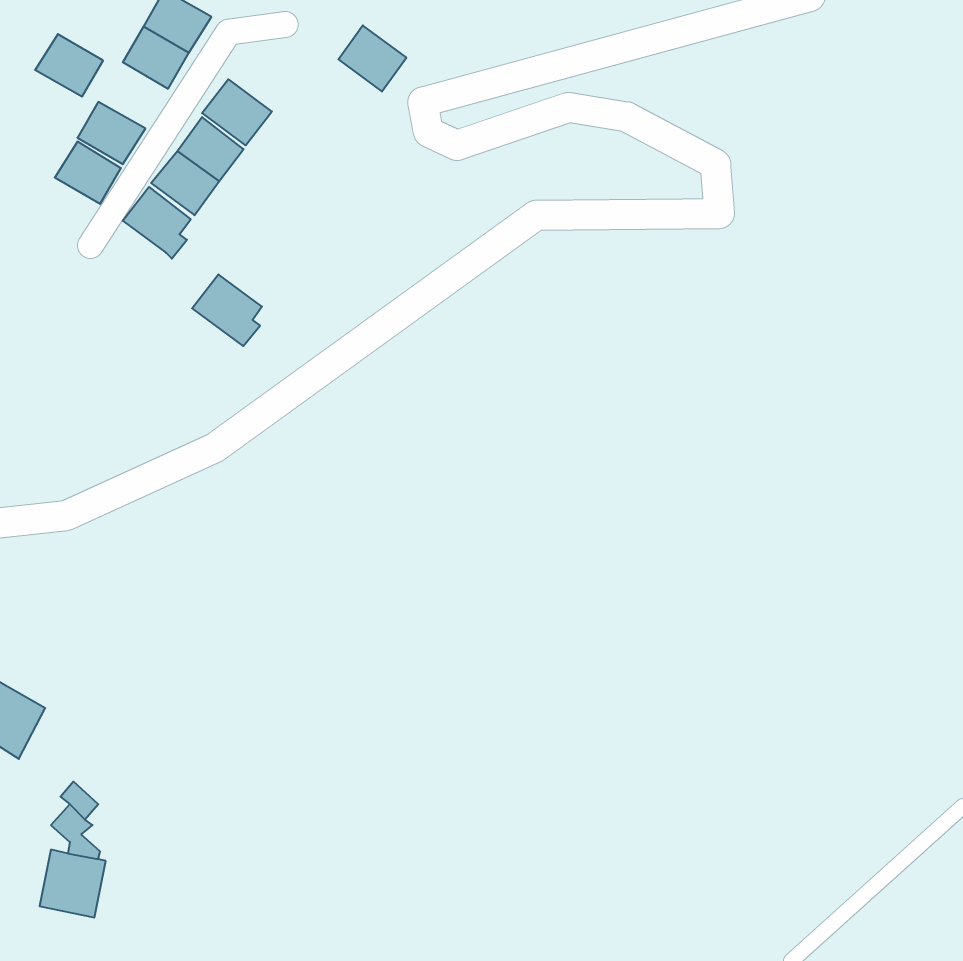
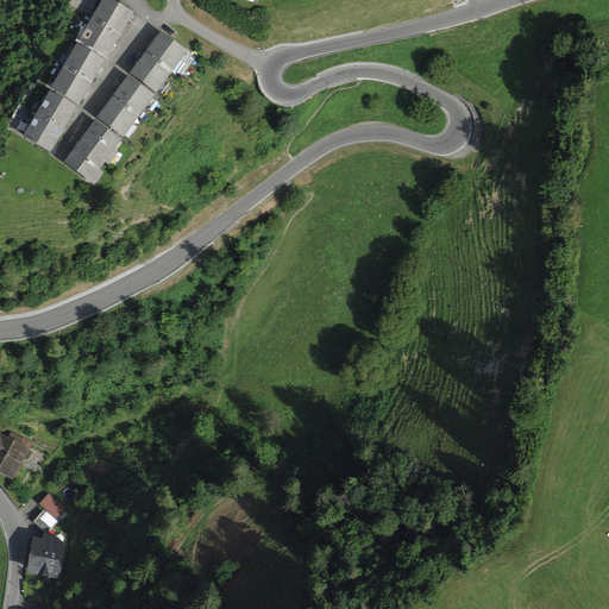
building: [338,25,406,92] -> [144,29,187,70]
building: [35,34,103,96] -> [62,42,105,81]
building: none -> [21,112,63,151]
building: [192,274,262,346] -> [61,139,105,184]

